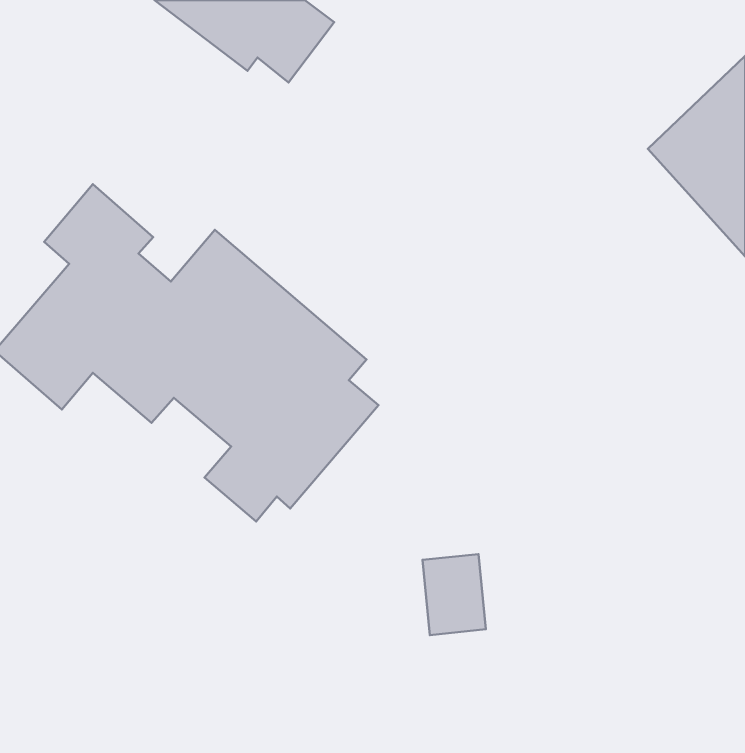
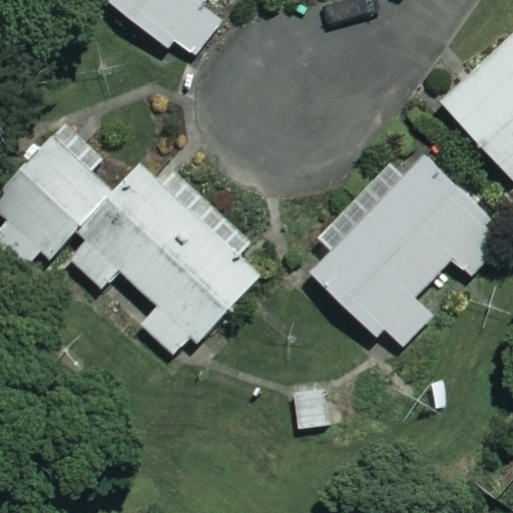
building: none -> [311,141,503,346]

